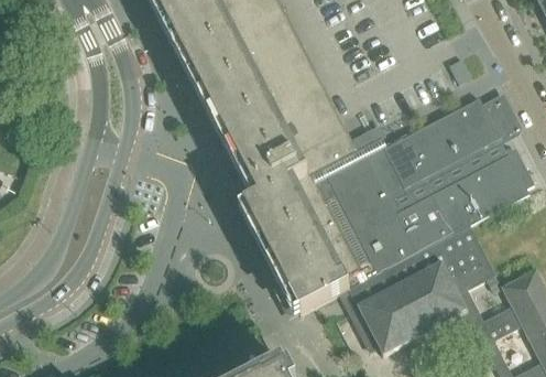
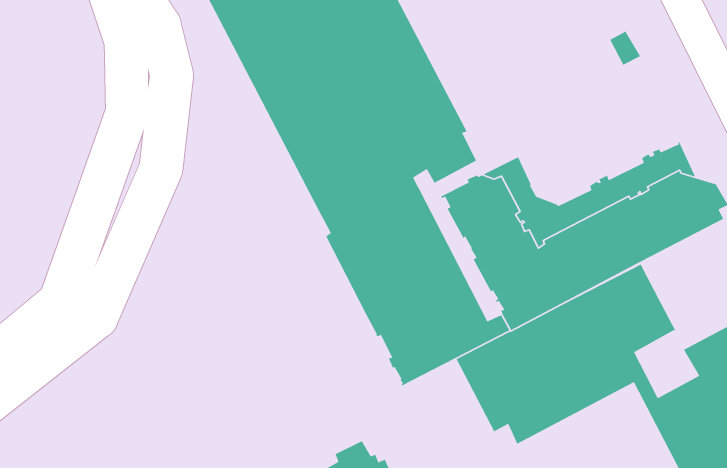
building: [384,96,509,182] -> none

